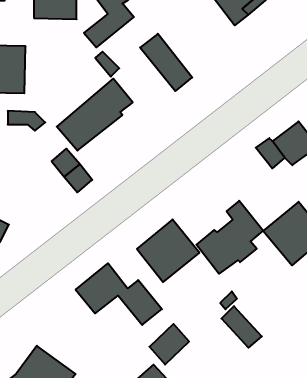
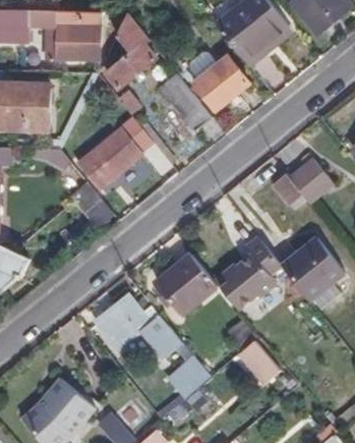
building: none -> [187,52,248,111]

